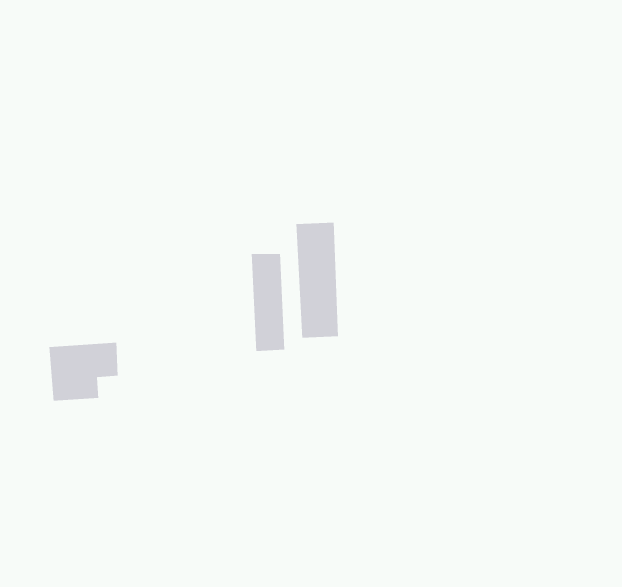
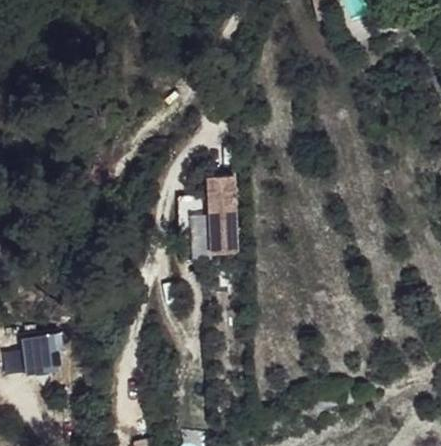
building: [49,342,119,402] -> [22,333,69,373]

